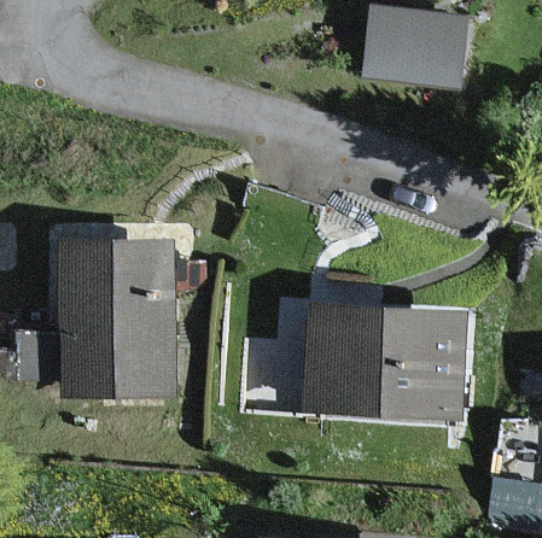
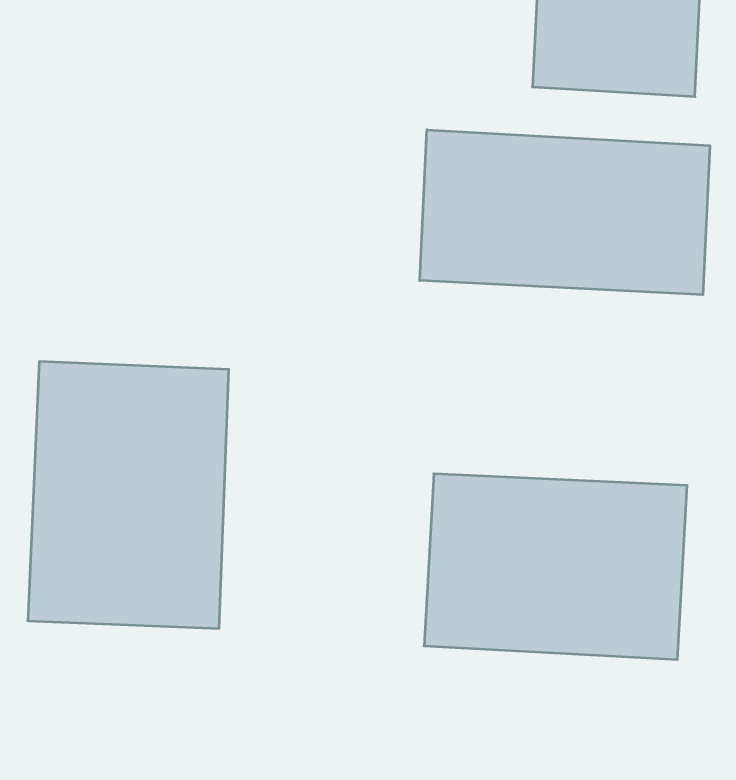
building: none -> [420,130,710,295]

